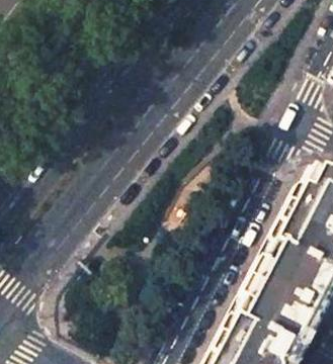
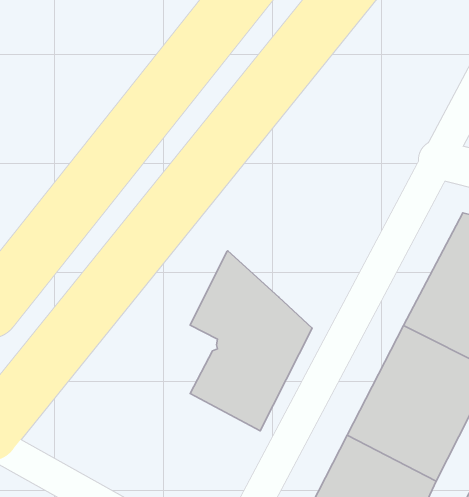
building: none -> [190,251,312,431]

